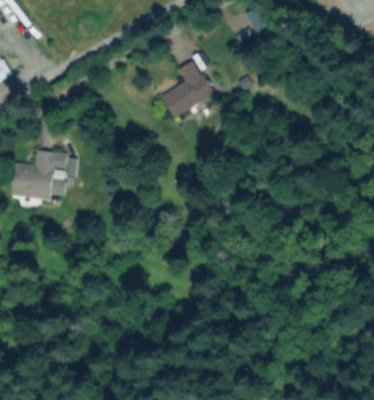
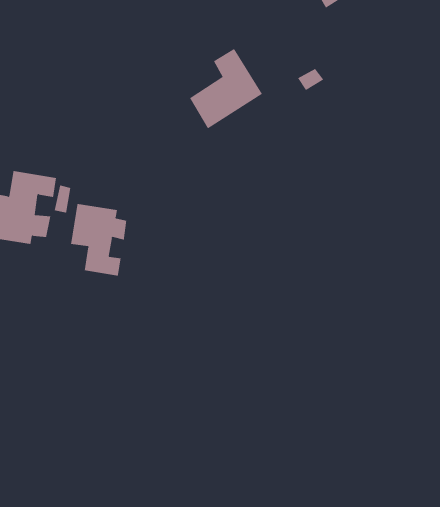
building: none -> [70,203,127,276]

